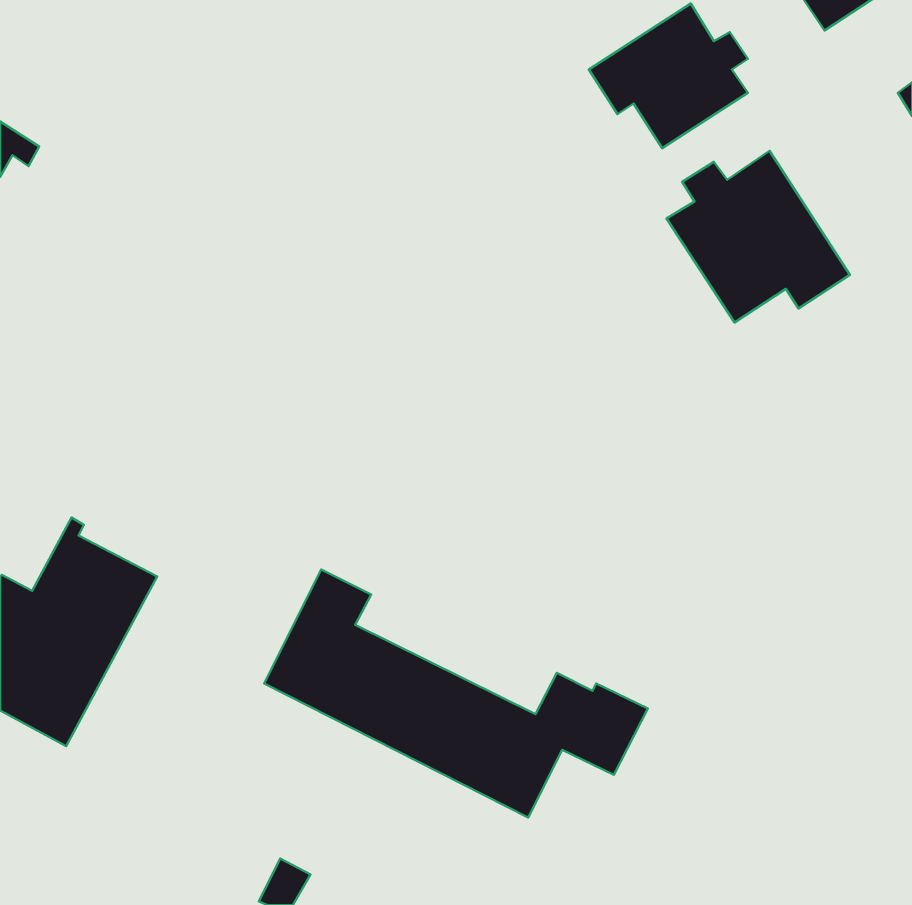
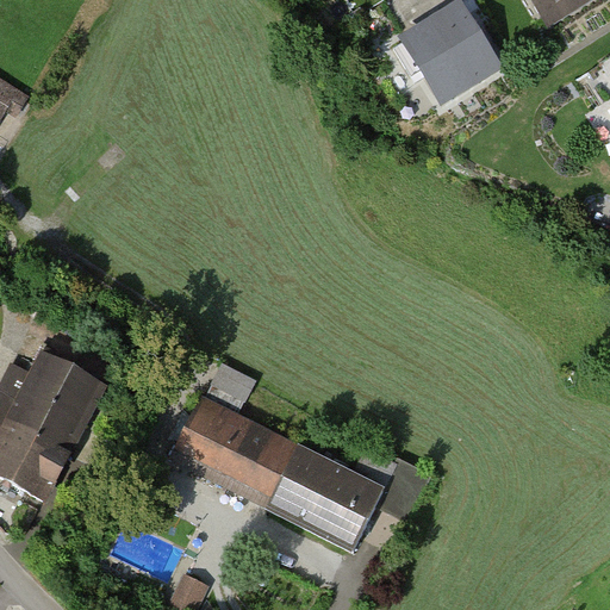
building: [667,151,850,323] -> none

